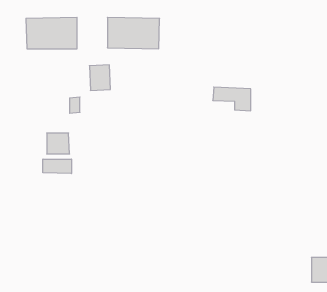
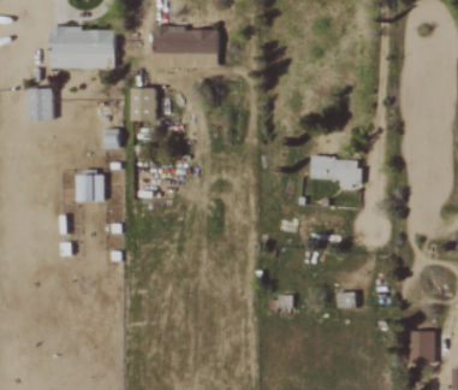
building: none -> [29,88,53,120]
building: [213,87,251,111] -> [311,156,359,187]
building: [43,159,71,174] -> none

